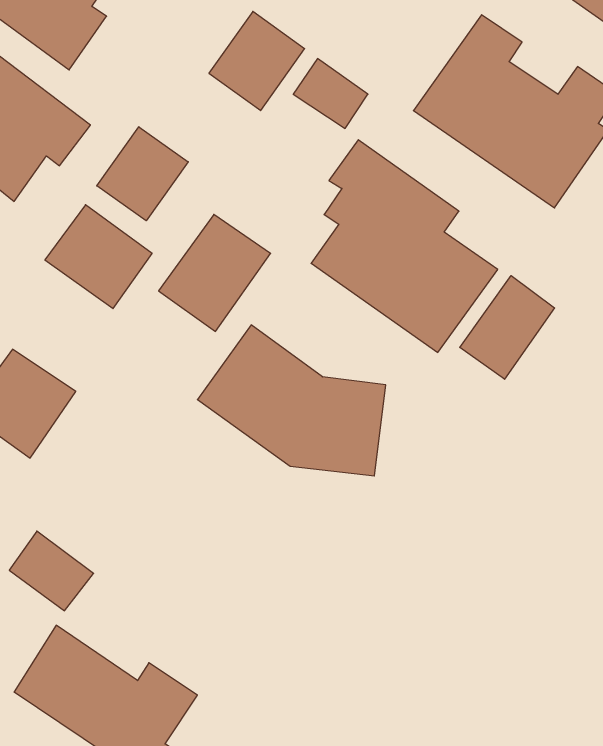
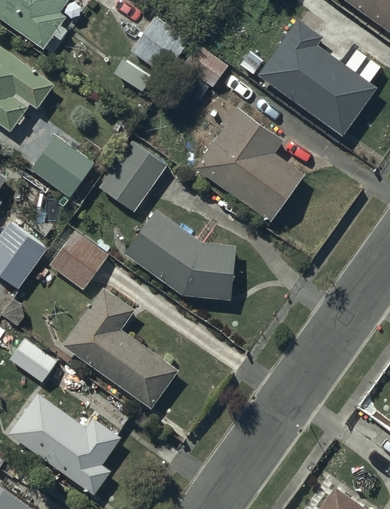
building: [97,127,188,221] -> none
building: [460,276,555,379] -> none
building: none -> [50,233,107,291]
building: none -> [62,287,178,407]

